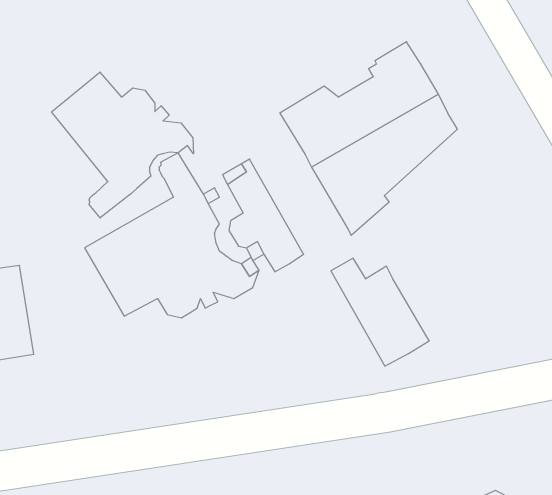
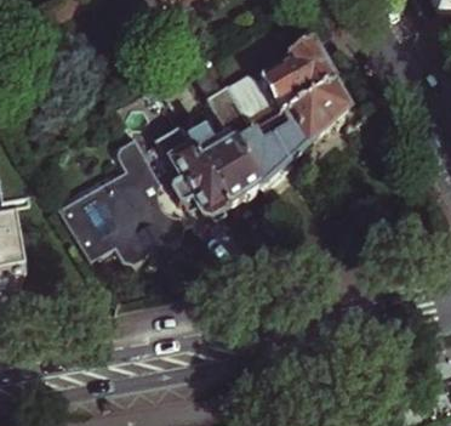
building: [52,72,193,218] -> none
building: [331,258,429,366] -> [194,117,269,199]

